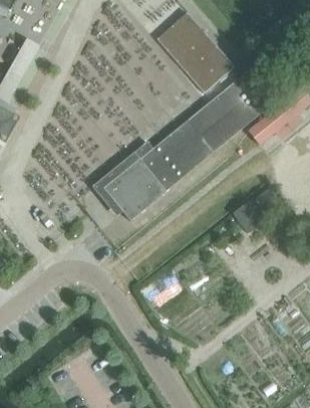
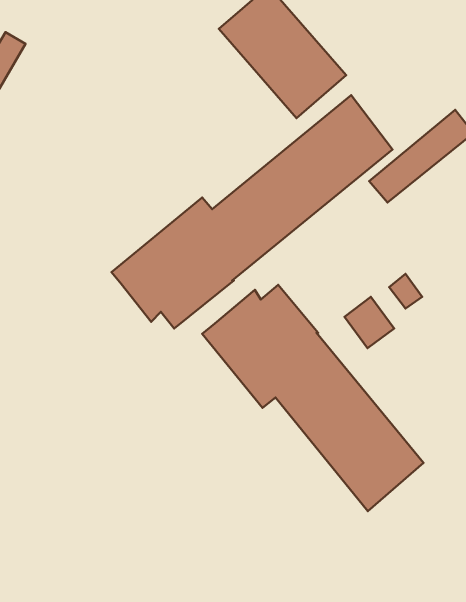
building: none -> [202,285,424,511]

